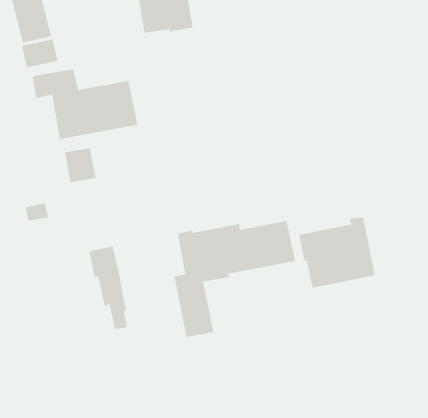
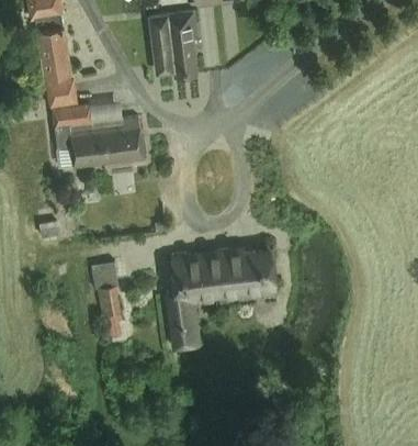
building: [65,147,96,183] -> none
building: [298,217,375,289] -> none

